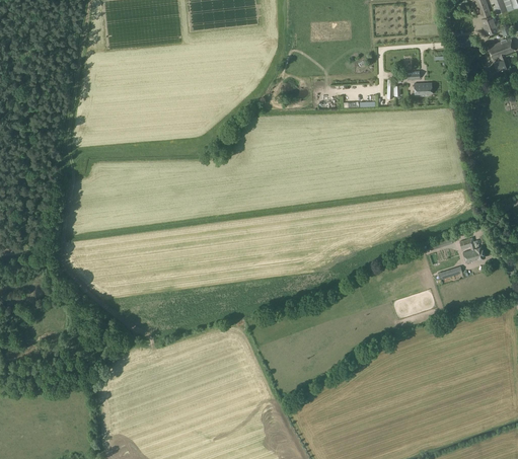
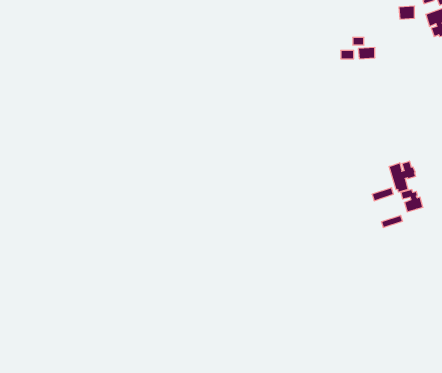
building: none -> [389,161,415,192]

